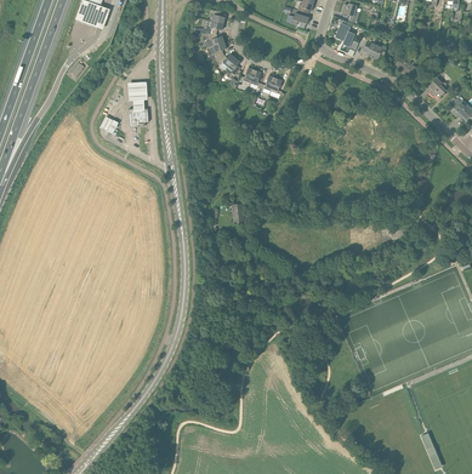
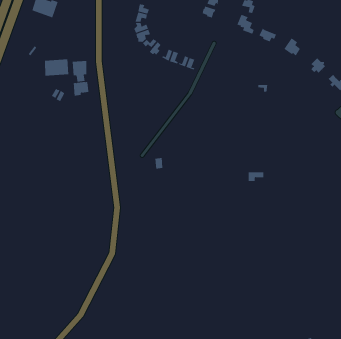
building: none -> [45,58,69,76]

